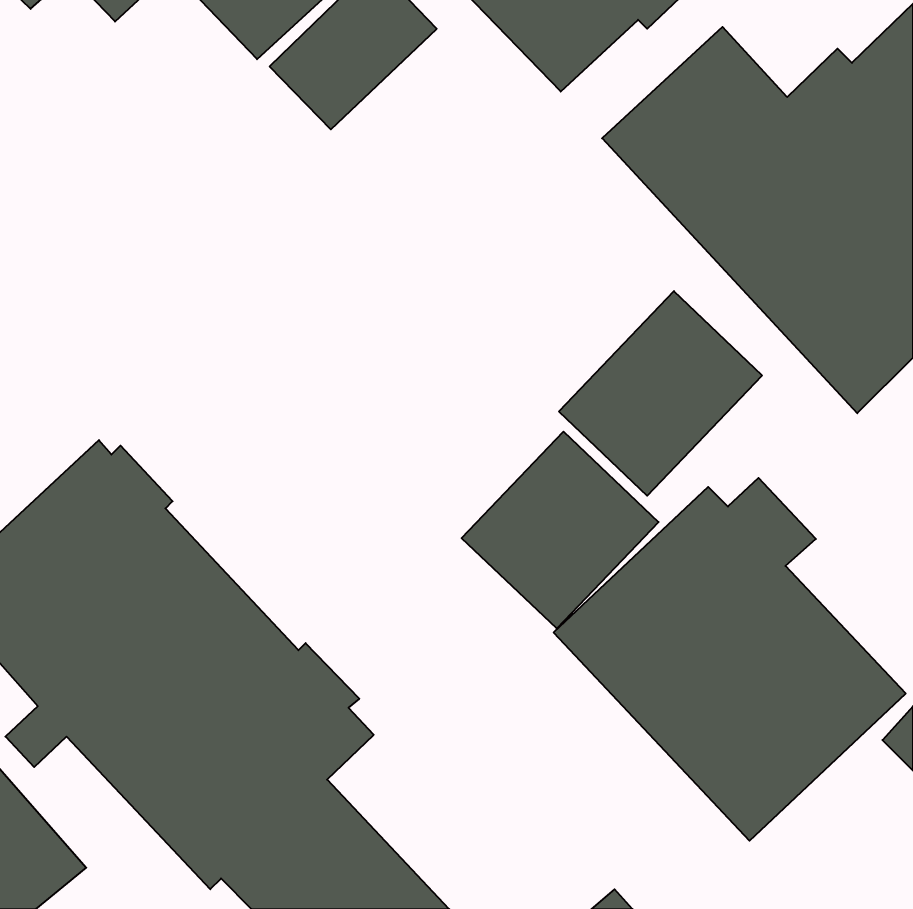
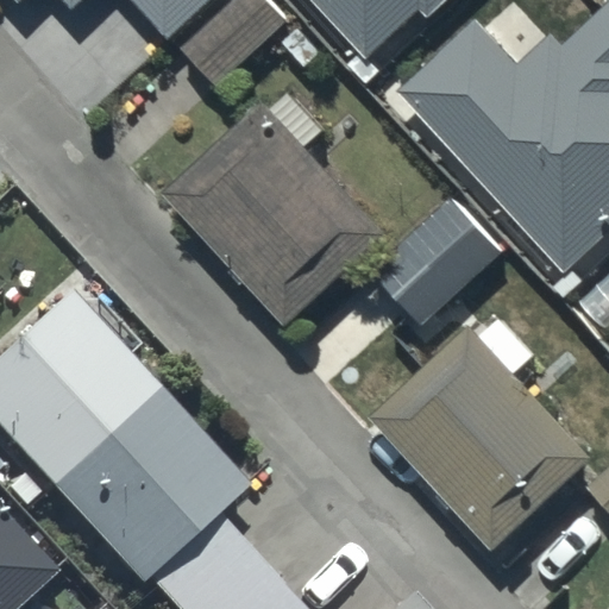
building: none -> [167,89,389,329]
building: [462,432,659,629] -> none

